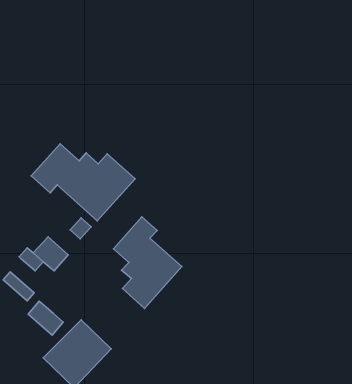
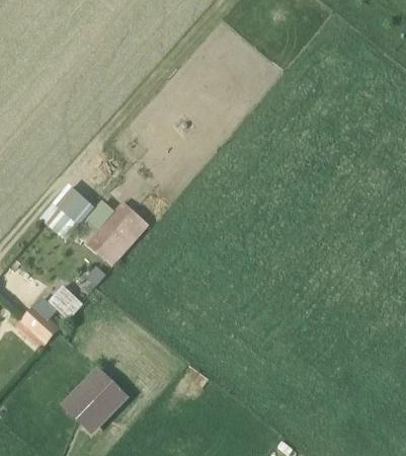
building: [114,217,182,308] -> none
building: [28,301,63,335] -> [24,305,60,339]

